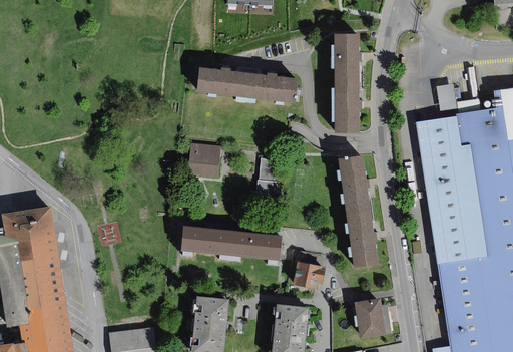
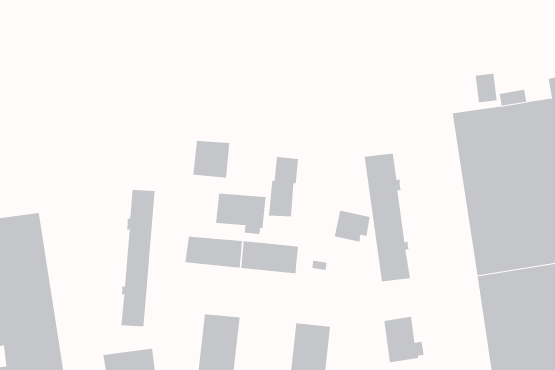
building: [334,33,363,132] -> none
building: [196,67,298,103] -> none
building: none -> [121,189,155,327]
building: none -> [215,193,266,235]
building: [293,261,325,289] -> [334,210,370,242]

